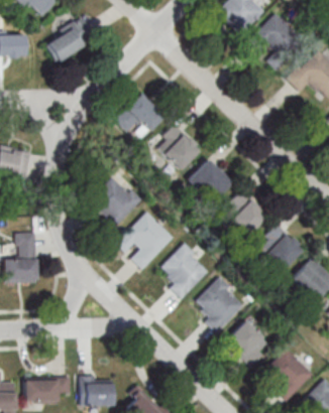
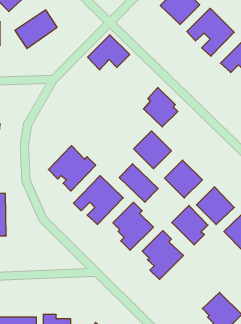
building: [115,93,164,134] -> [88,35,130,70]
building: [157,122,198,168] -> [143,87,178,127]
building: none -> [119,164,158,202]
building: [225,319,267,366] -> [172,205,208,245]

